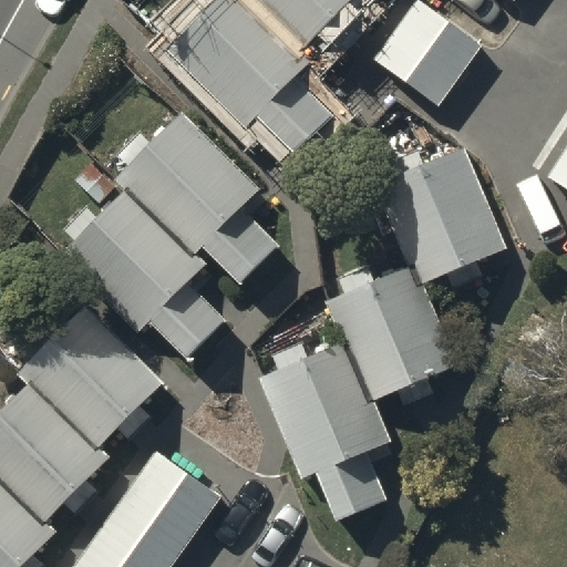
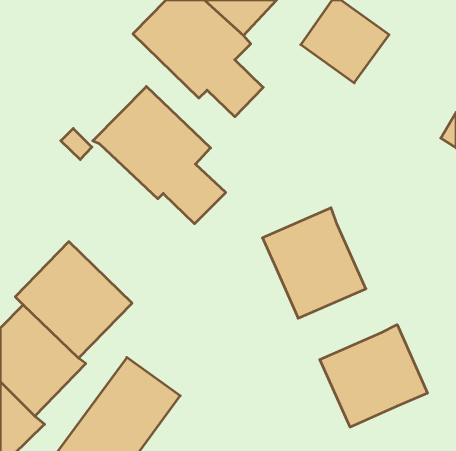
building: [377,144,508,285] -> none
building: [59,184,229,360] -> none
building: [257,340,389,518] -> none
building: none -> [320,325,427,427]

